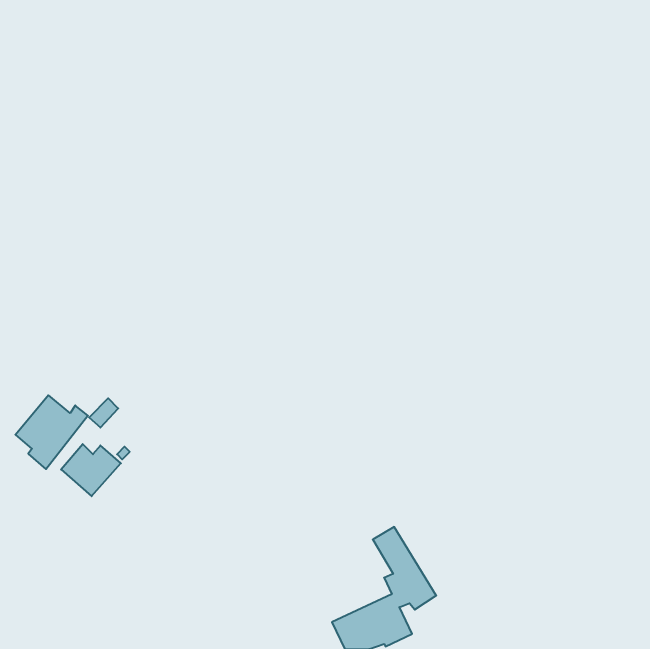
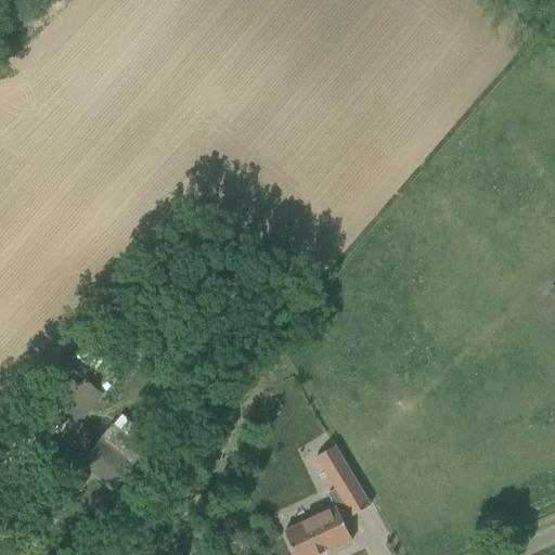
building: [15,395,88,469] -> [86,425,147,488]

